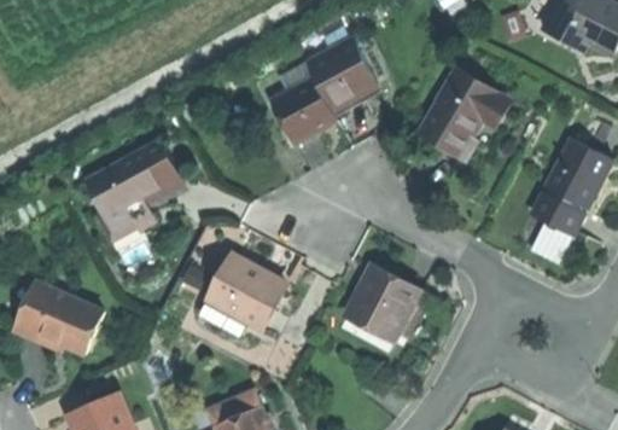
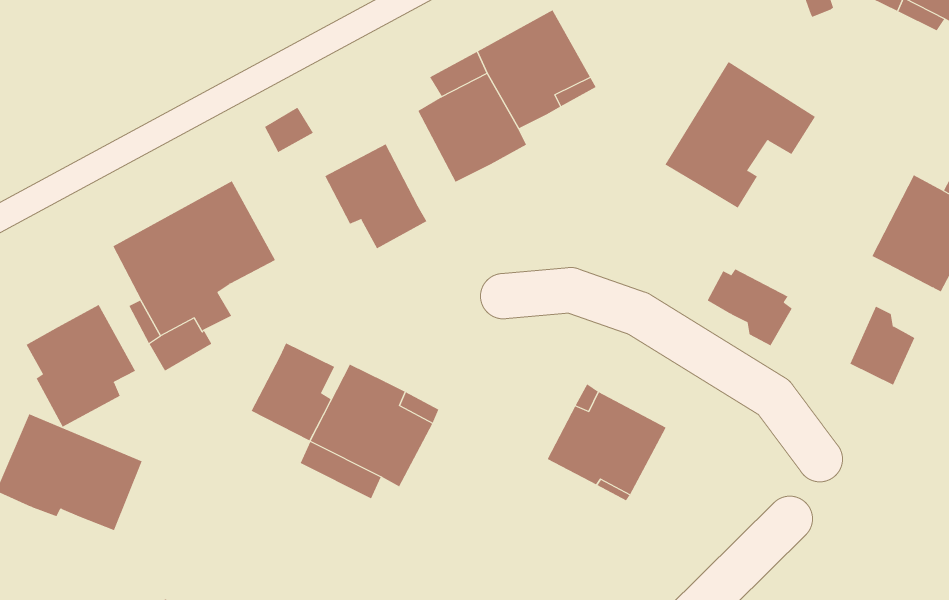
building: none -> [325,143,427,249]
building: [534,188,585,236] -> [707,269,793,346]
building: none -> [26,304,136,428]
building: none -> [251,343,335,441]

